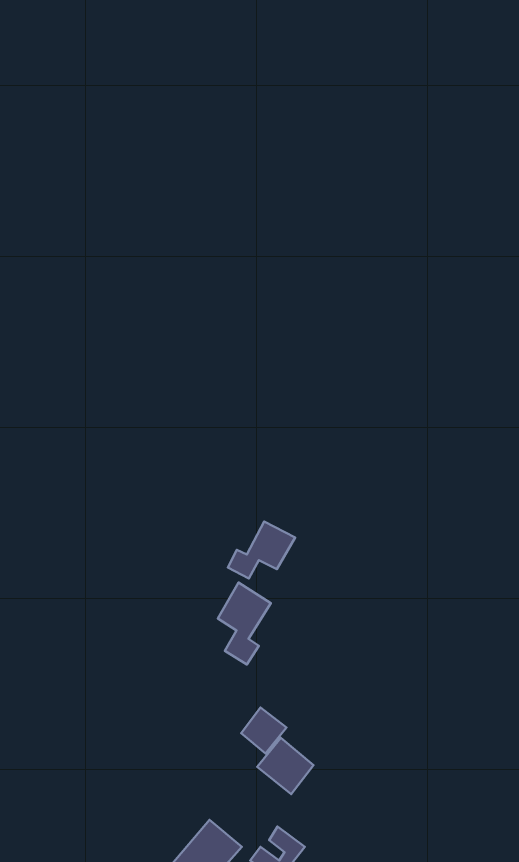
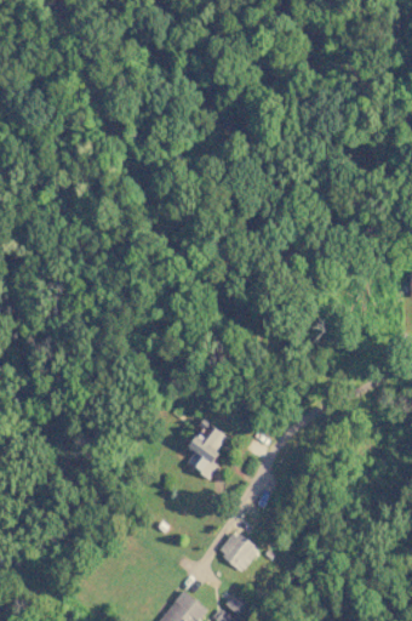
building: [228,522,295,578] -> none
building: [241,707,286,754] -> none

